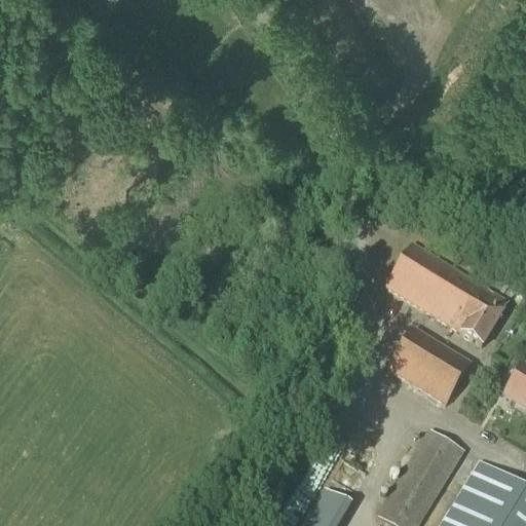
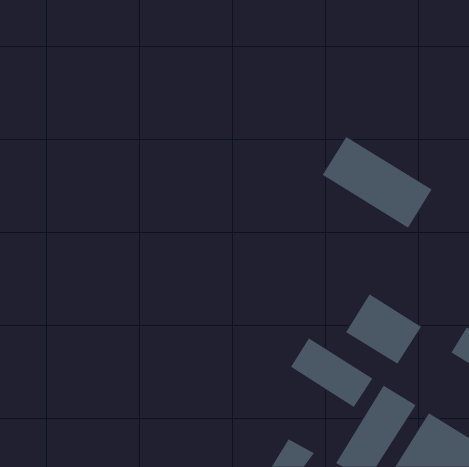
building: [386,242,510,345] -> [322,136,432,228]
building: none -> [290,338,373,408]

